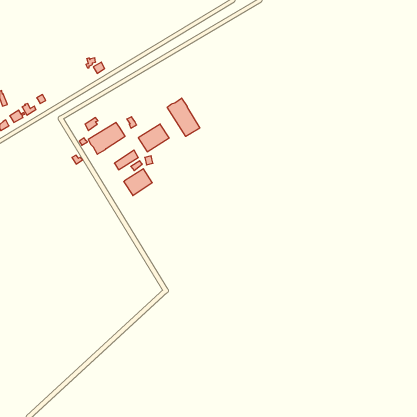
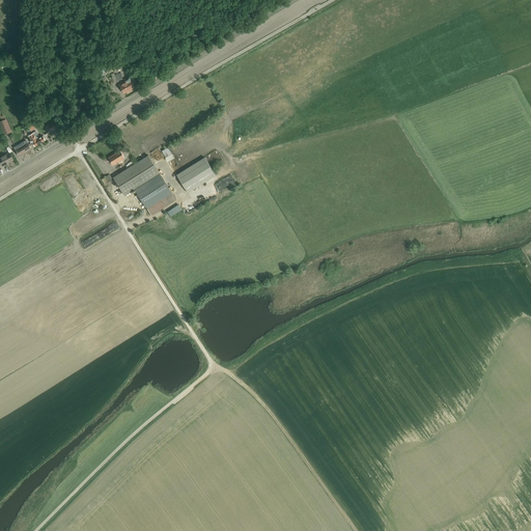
building: [167,98,200,136] -> none
building: [124,169,152,196] -> [134,173,170,207]

